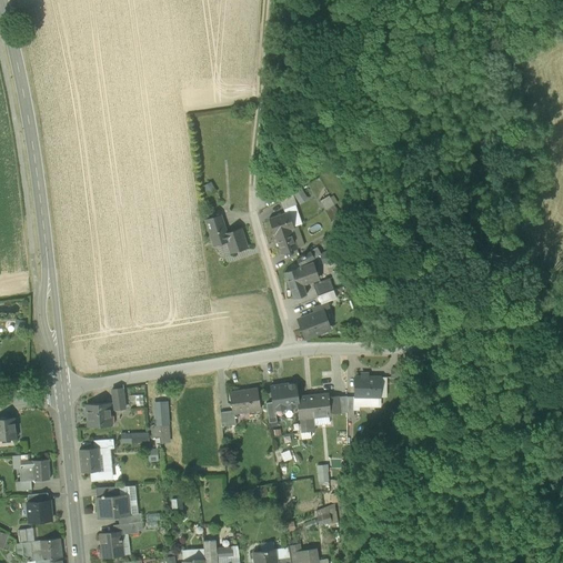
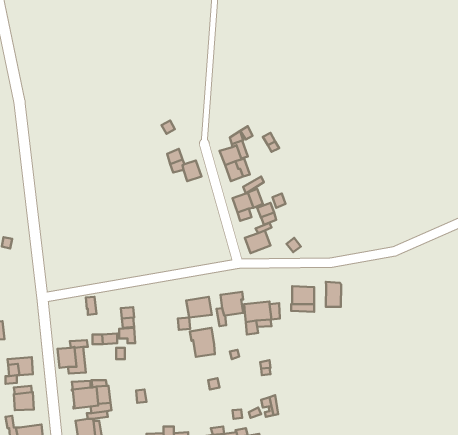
building: none -> [326,282,341,307]
building: [87,403,111,428] -> none
building: none -> [190,328,215,357]

